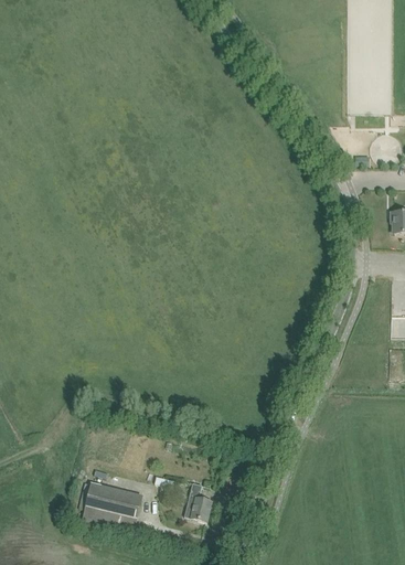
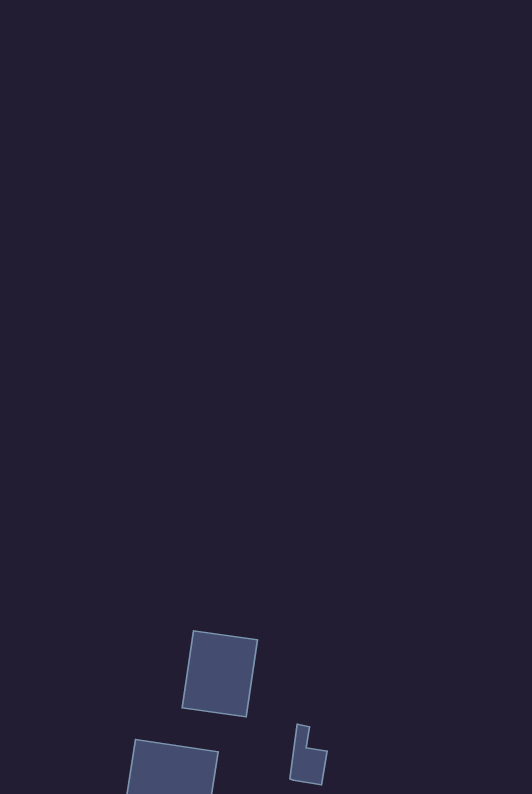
building: none -> [182,631,258,717]

